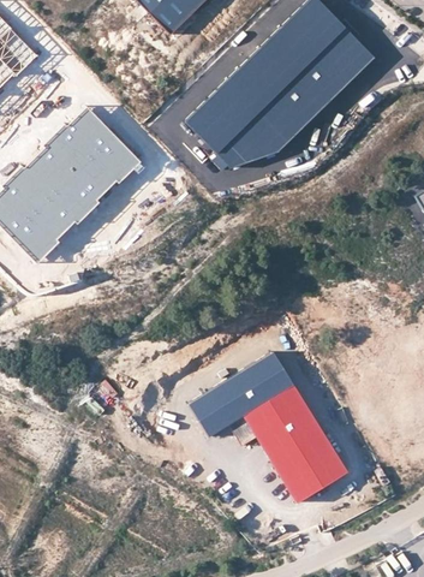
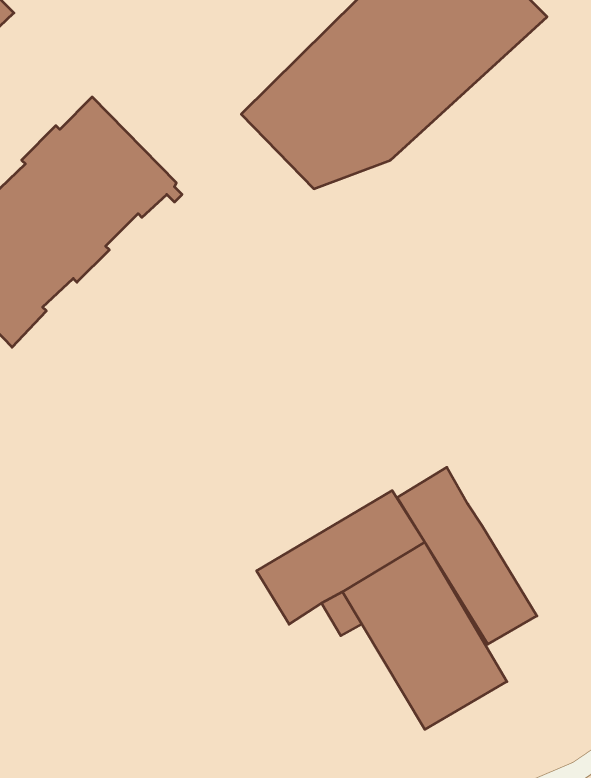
building: none -> [397,467,537,644]

